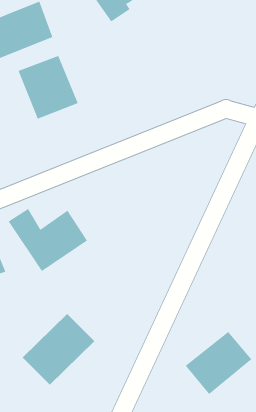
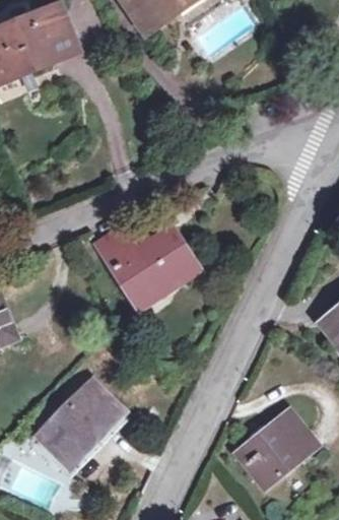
building: [18,55,79,120] -> none
building: [8,208,88,272] -> [97,229,196,307]

